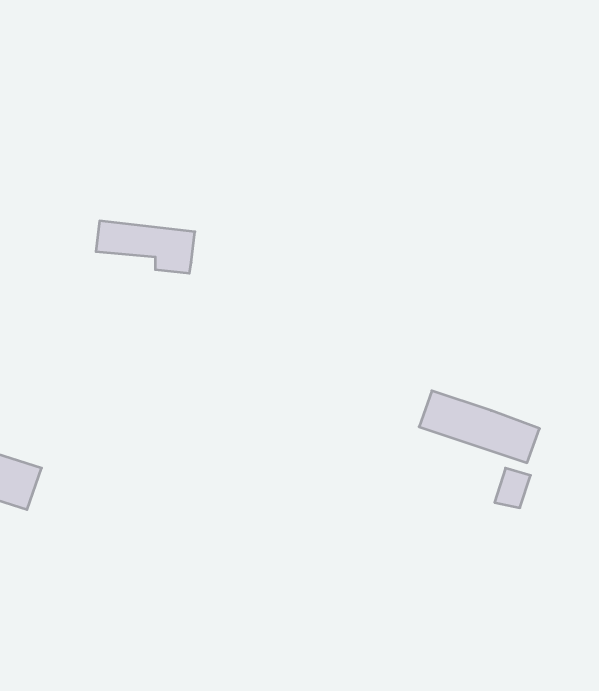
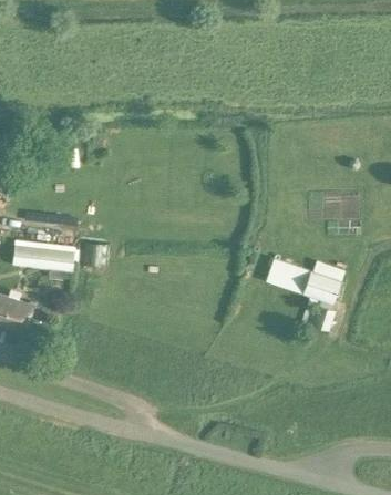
building: [96,221,195,273] -> [14,246,75,278]

